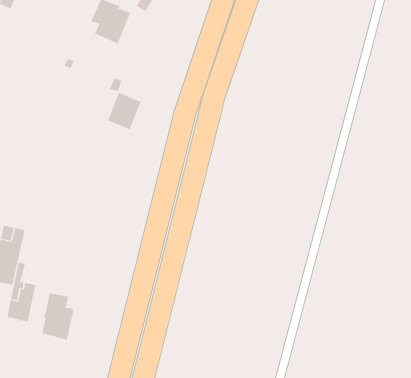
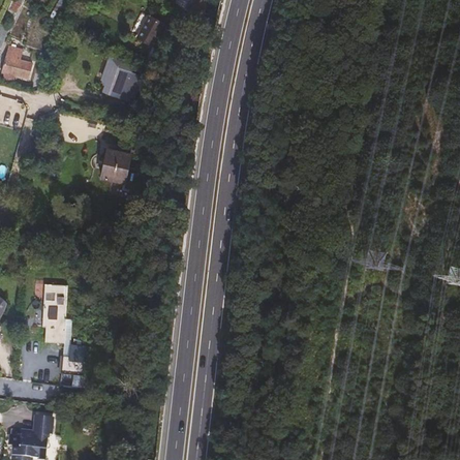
building: [107,92,141,130] -> [97,149,127,183]
building: [42,293,74,340] -> none

